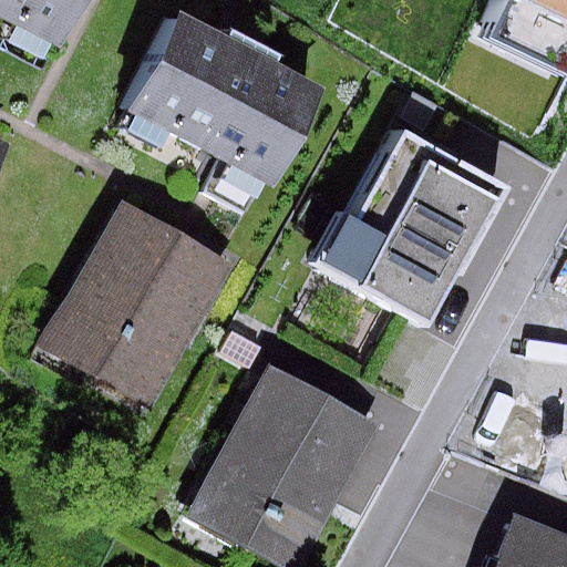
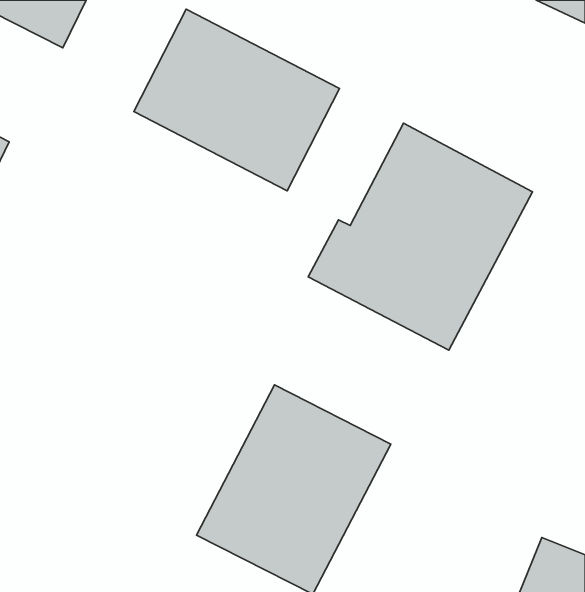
building: [52,200,239,400] -> none

